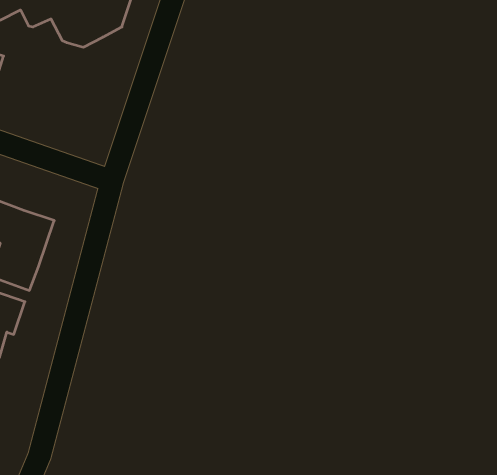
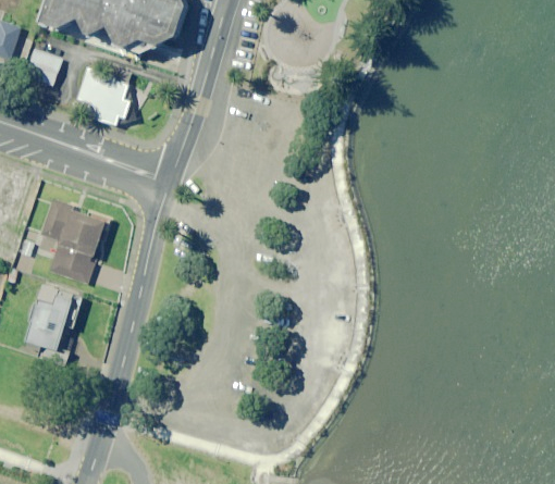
building: none -> [72,70,129,126]

